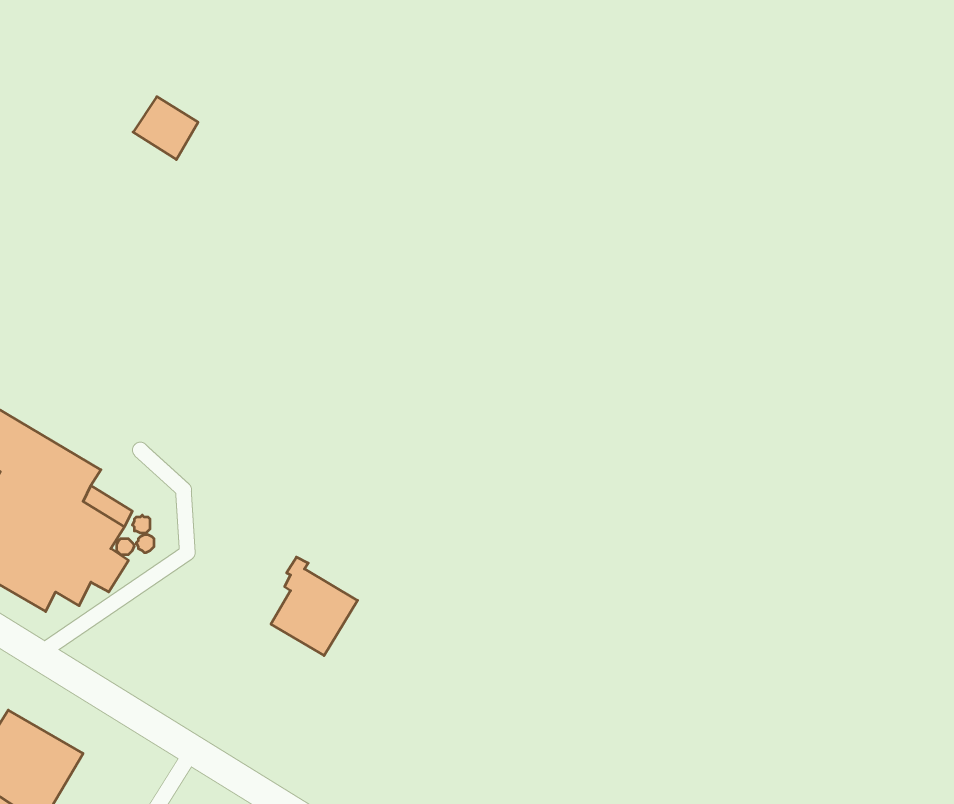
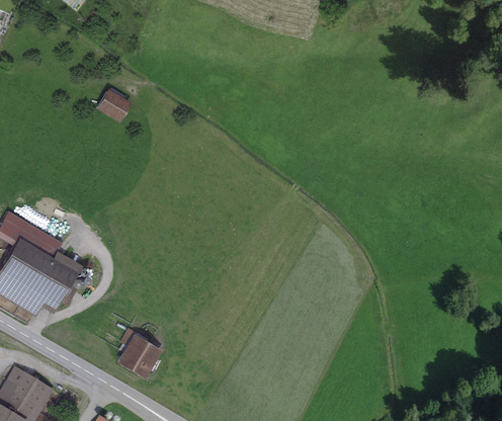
building: [133,97,198,160] -> [95,88,129,120]
building: [271,557,358,656] -> [115,327,160,377]

